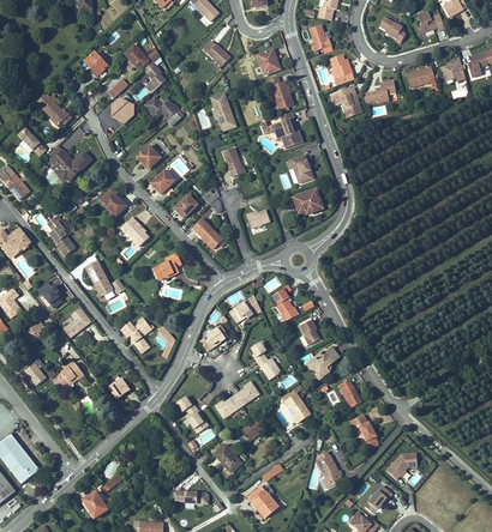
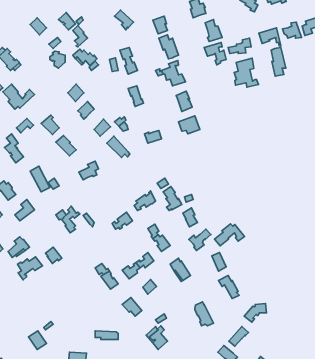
building: none -> [271,47,286,76]
building: none -> [234,58,259,87]
building: none -> [214,224,244,246]
building: none -> [17,257,42,280]

